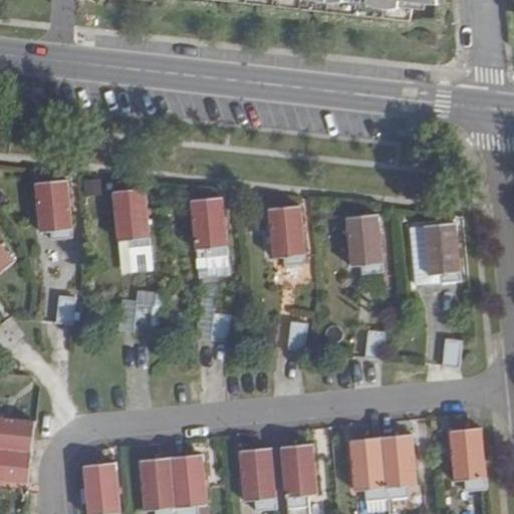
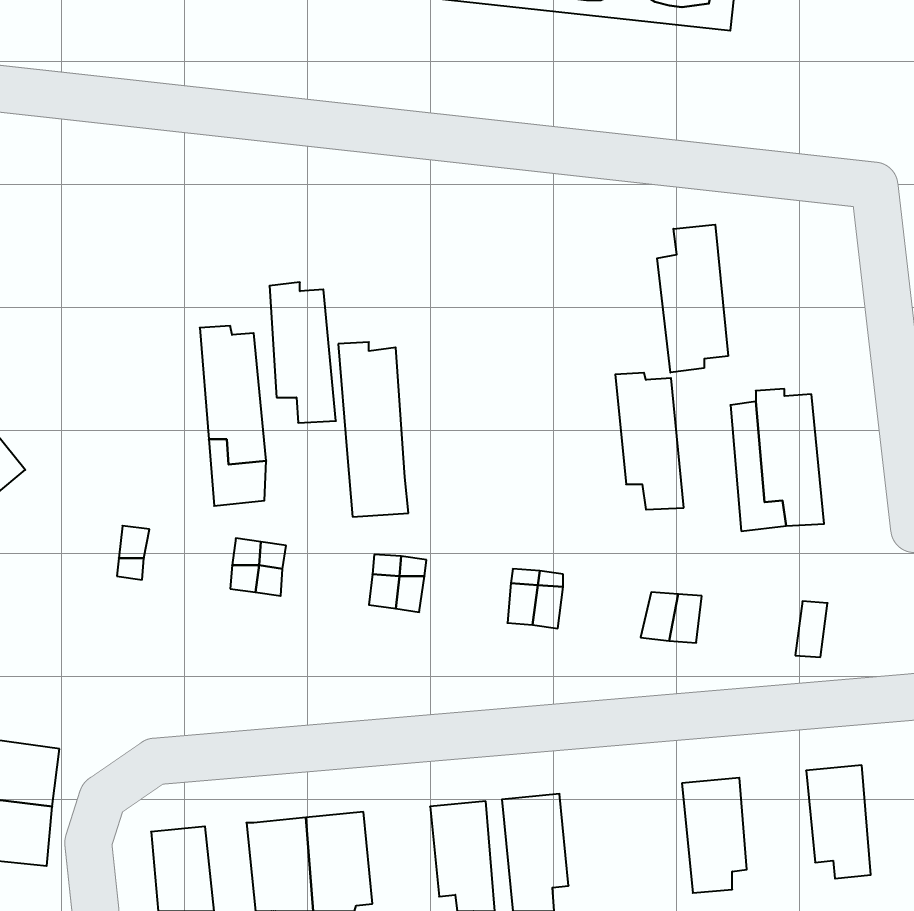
building: none -> [657,225,728,373]
building: [34,173,71,251] -> [269,282,336,423]
building: [266,199,304,276] -> none
building: [350,437,387,499] -> none

